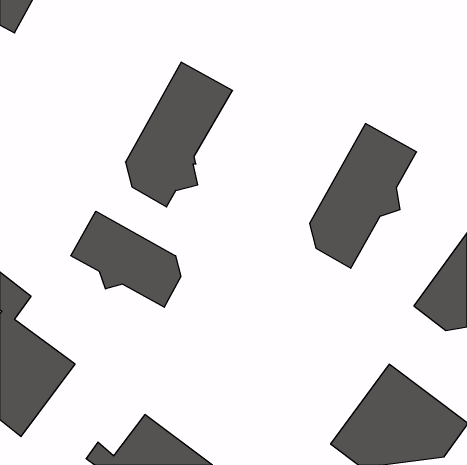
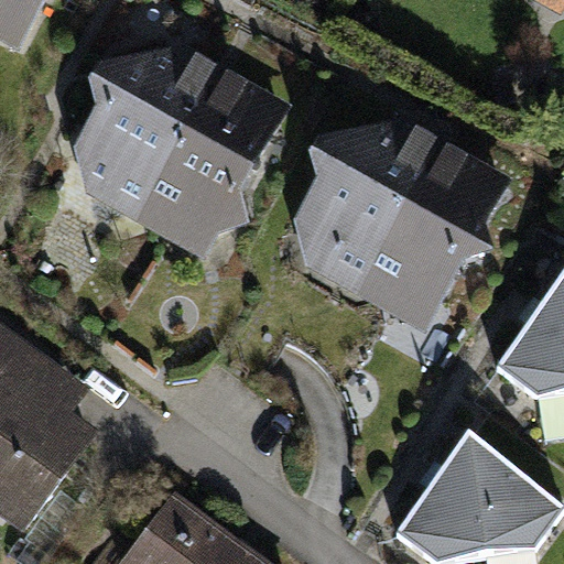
building: none -> [82,54,218,225]
building: none -> [303,128,440,299]
building: [71,211,181,307] -> none

